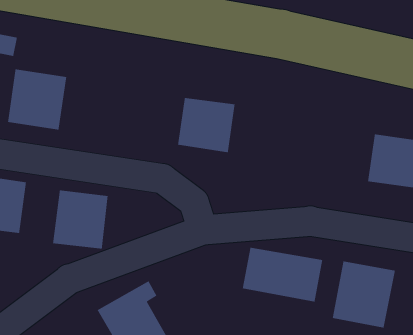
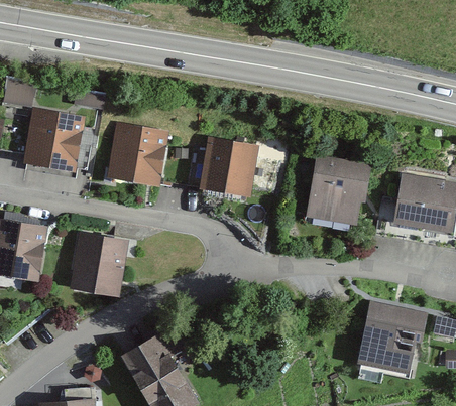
building: none -> [109,124,169,186]
building: none -> [308,155,370,224]
building: [242,247,323,303] -> none

